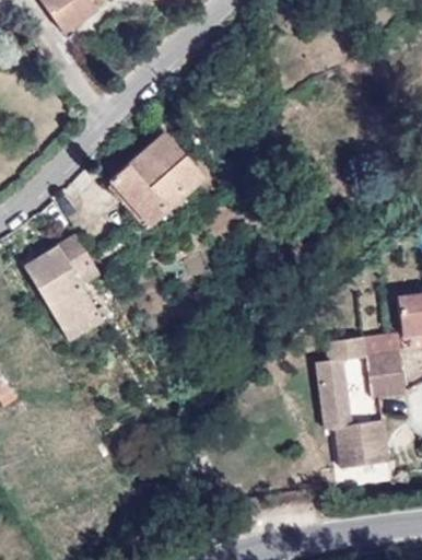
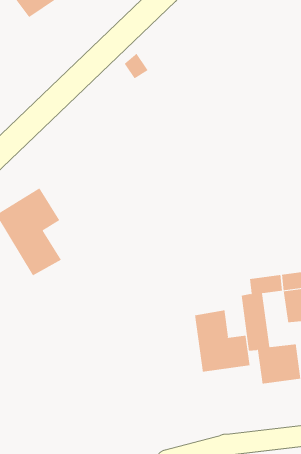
building: [109,131,204,225] -> none
building: none -> [195,310,250,372]

